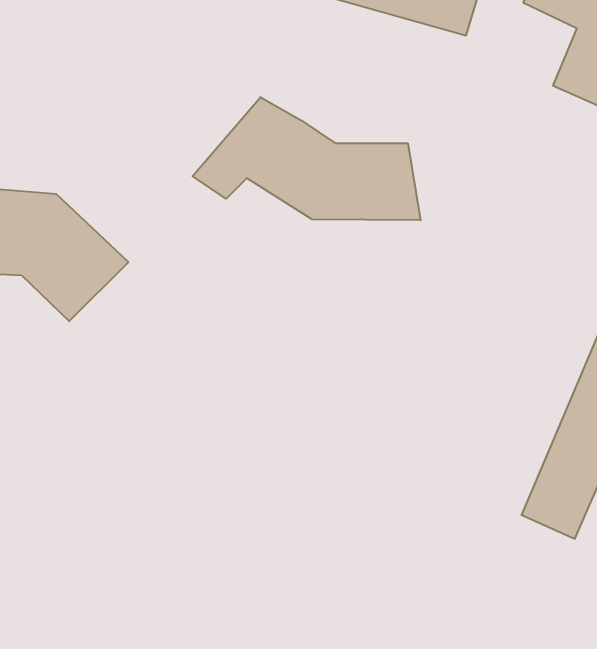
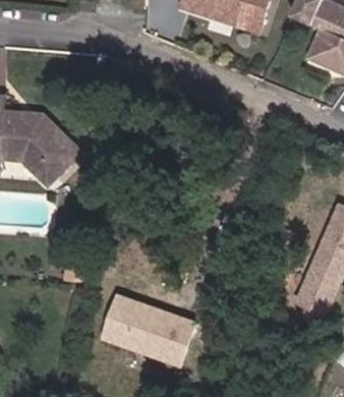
building: [193,97,420,220] -> none
building: none -> [101,288,196,362]

